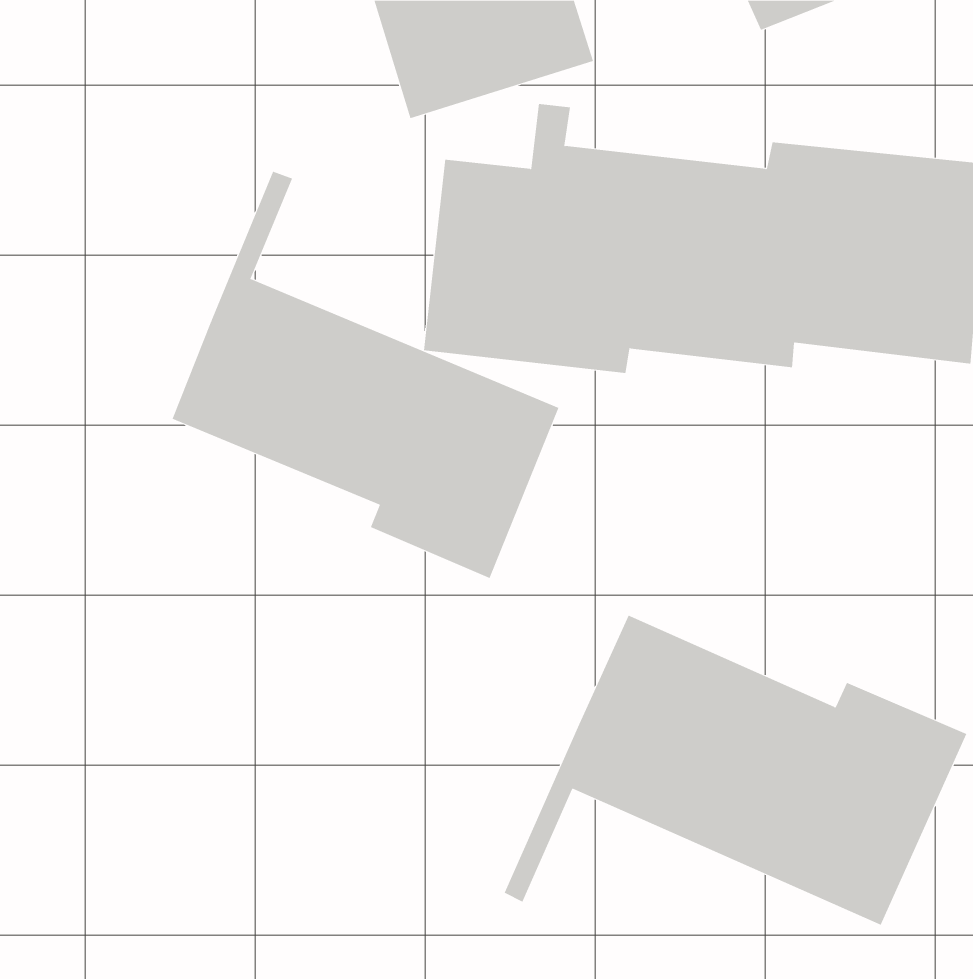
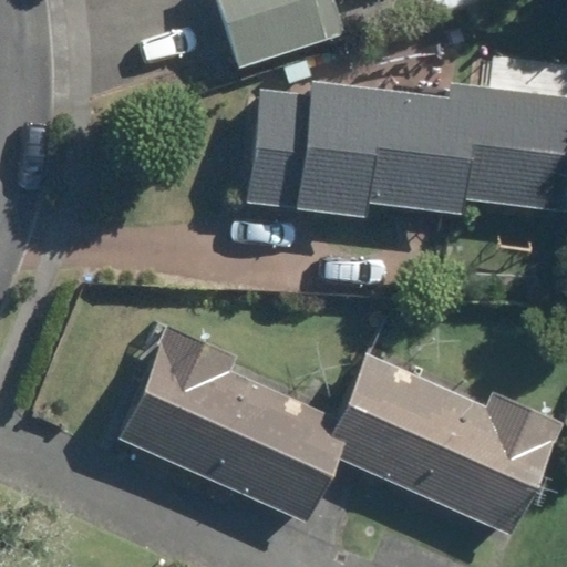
building: [172,171,559,579] -> none
building: none -> [120,324,338,516]

